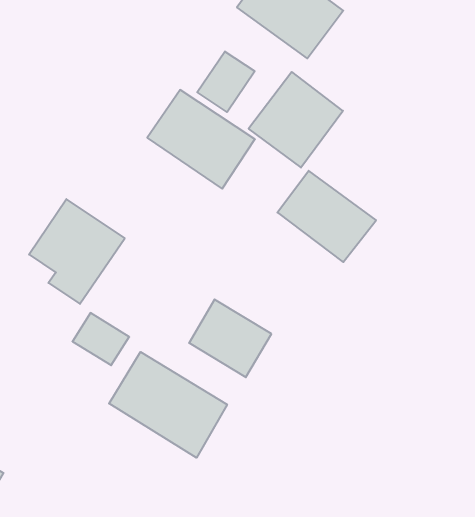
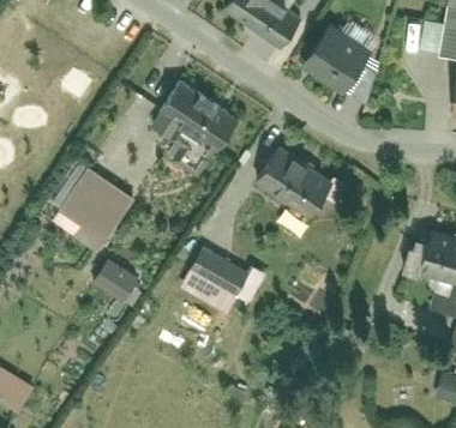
building: [197,51,255,112] -> none
building: [249,72,343,168] -> [299,24,374,101]
building: [109,352,227,458] -> none

